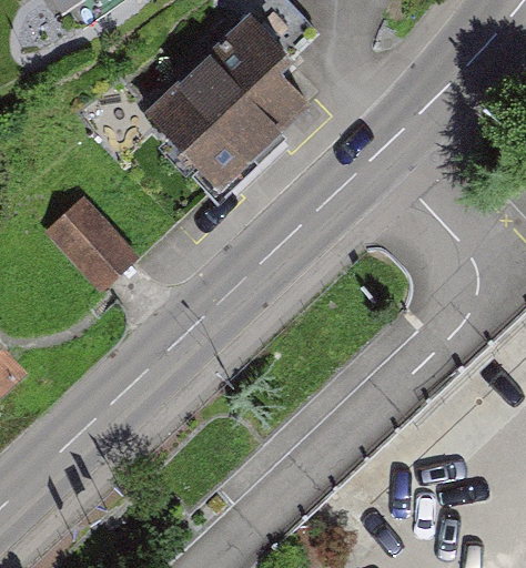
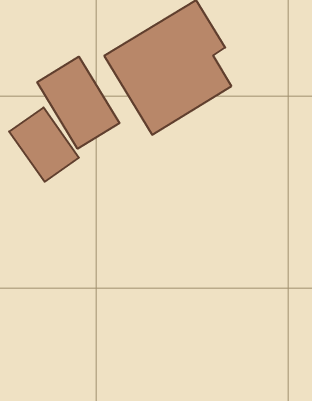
building: none -> [37,57,119,149]

